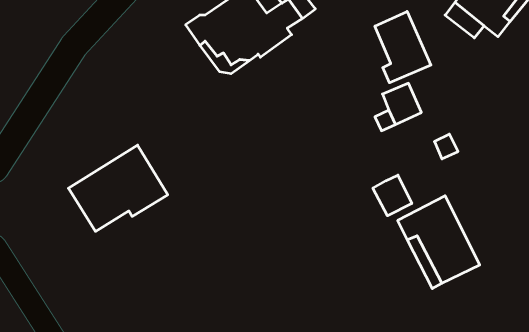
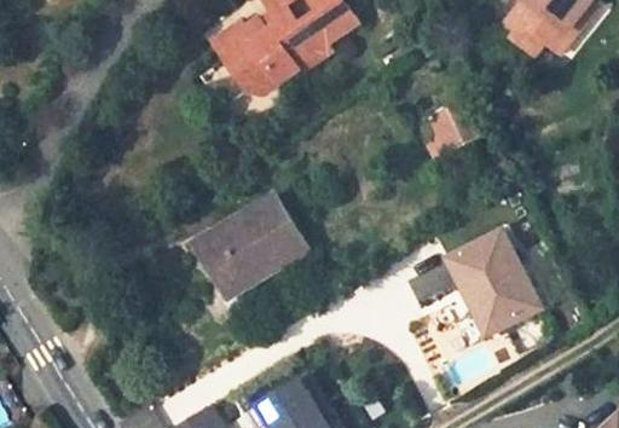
building: [375,11,431,83] -> none
building: [68,145,168,231] -> [193,196,305,293]
building: [373,175,412,216] -> none

